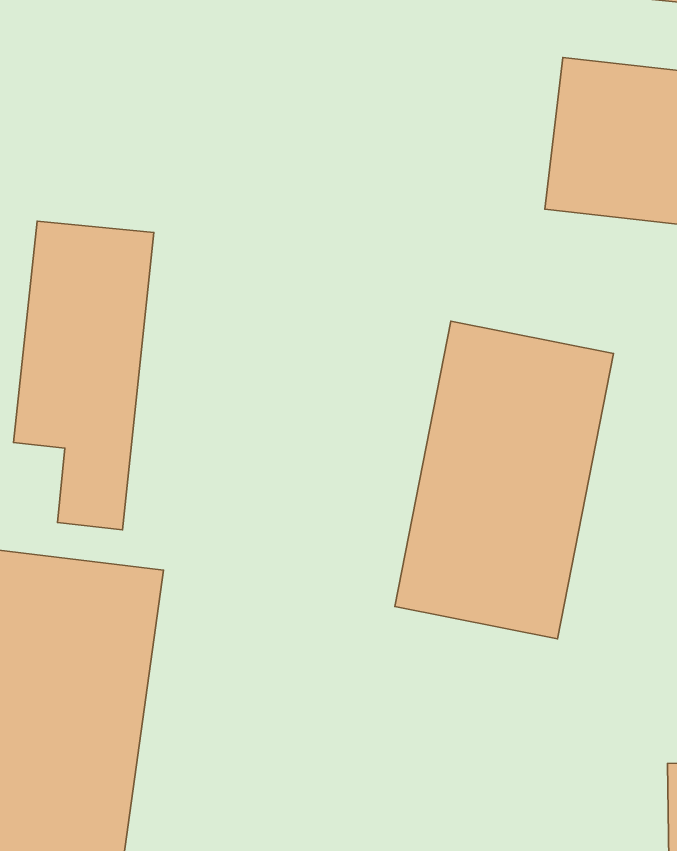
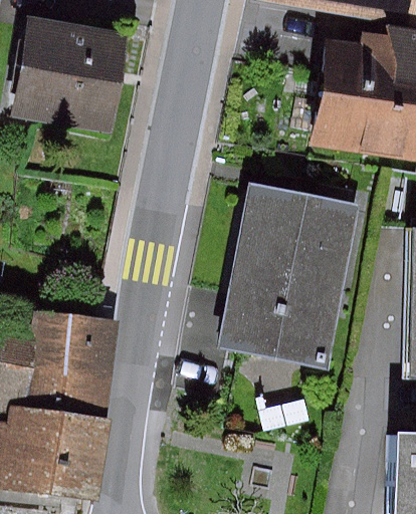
building: none -> [32,26,137,130]
building: [14,221,154,530] -> none

